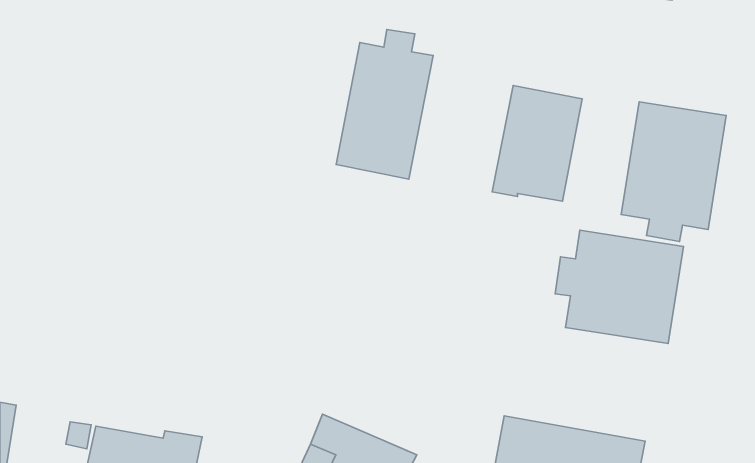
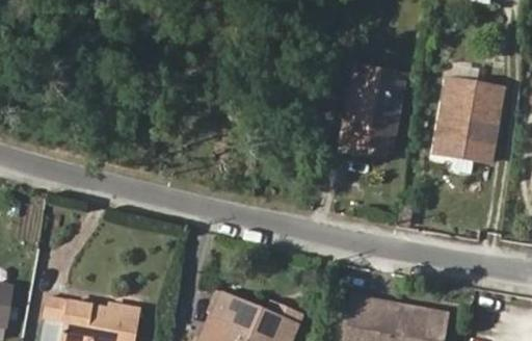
building: [336,29,433,179] -> none
building: [555,230,684,344] -> none

